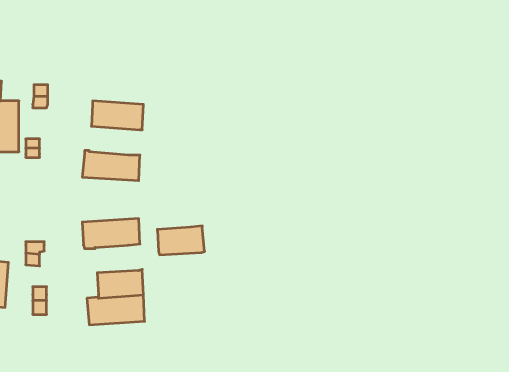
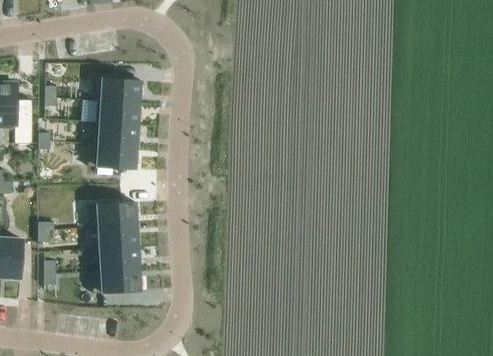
building: none -> [91,78,142,103]
building: none -> [93,122,139,147]
building: [157,226,205,255] -> [98,224,139,249]

